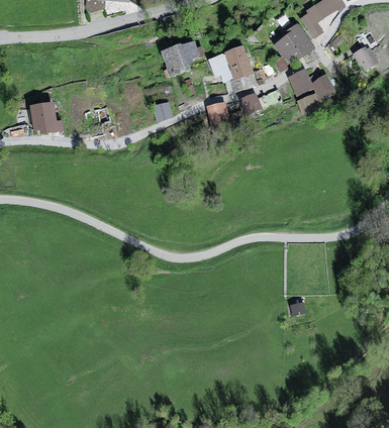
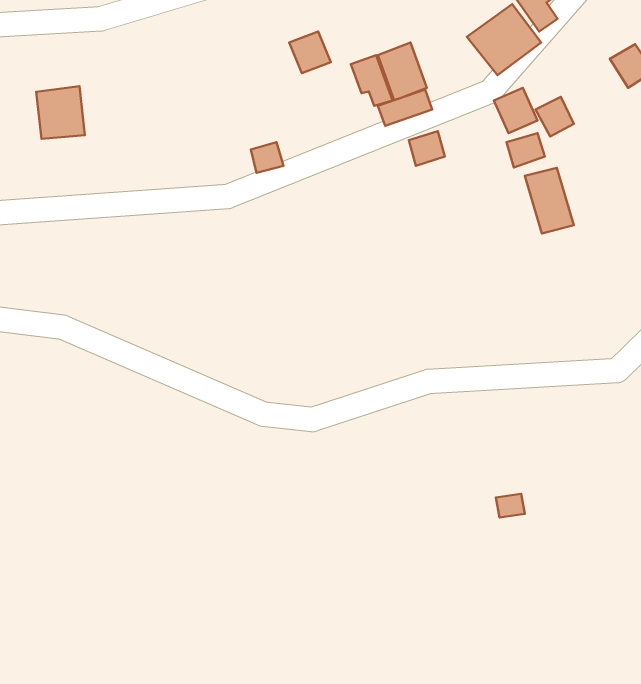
building: [159,45,183,75] -> none
building: [207,103,228,128] -> none
building: [32,104,60,133] -> [36,86,85,139]
building: none -> [525,168,574,233]

